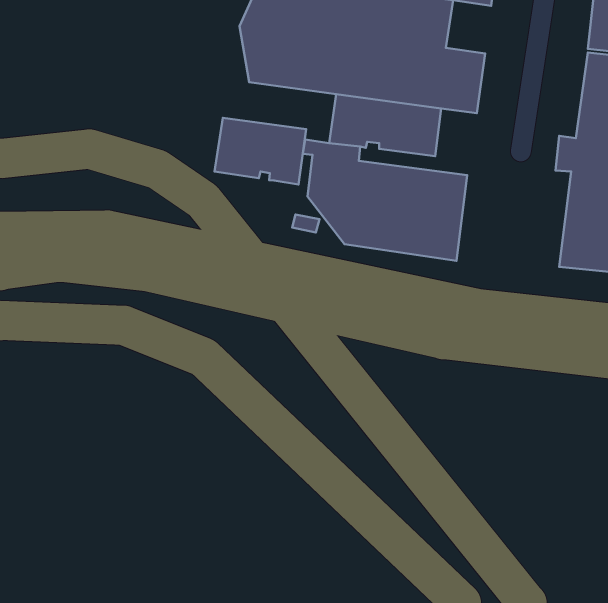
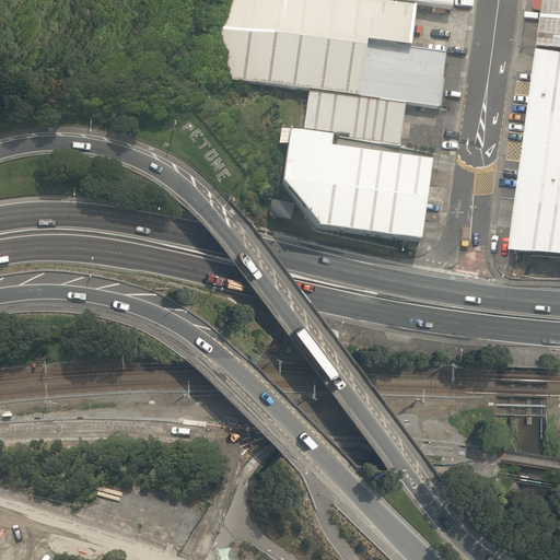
building: [215,118,306,185] -> none

